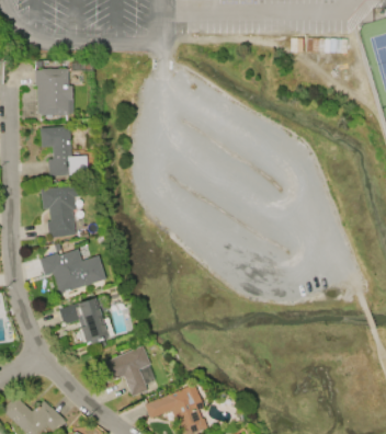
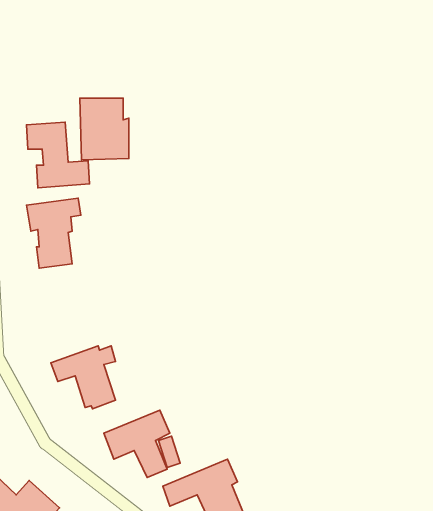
building: [36,69,73,116] -> [80,98,129,160]
building: [39,249,106,294] -> none

